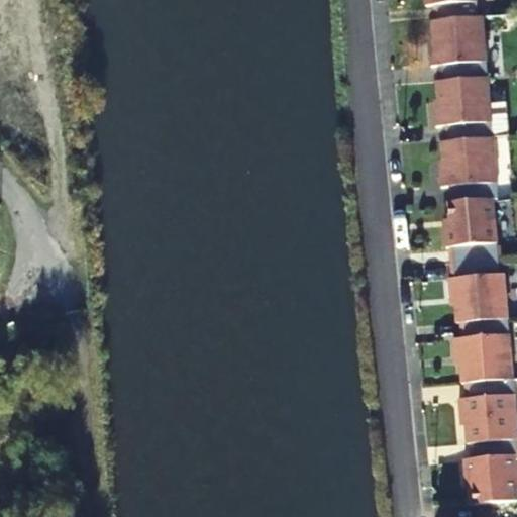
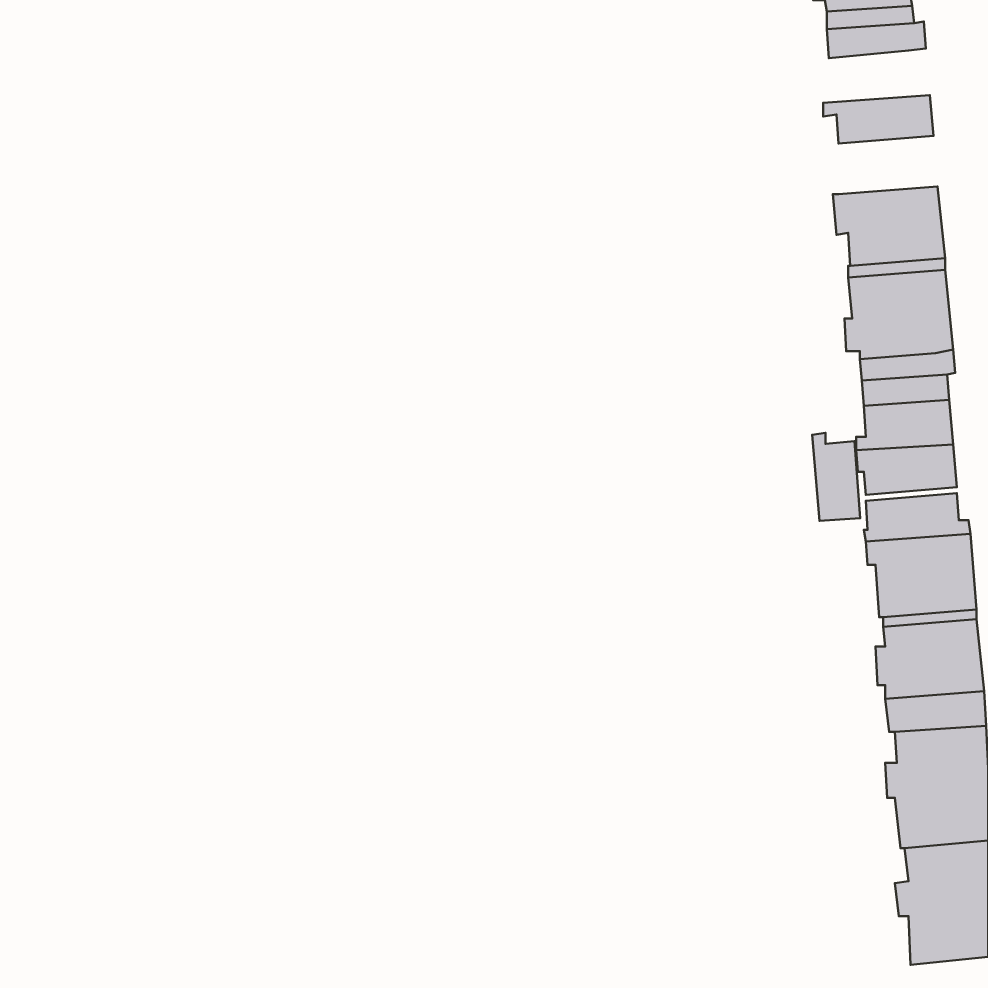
building: [427,25,484,54] -> none
building: [435,75,488,101] -> none
building: none -> [812,433,860,521]

